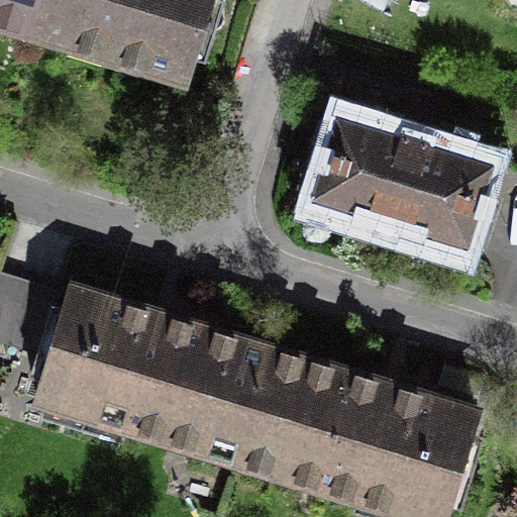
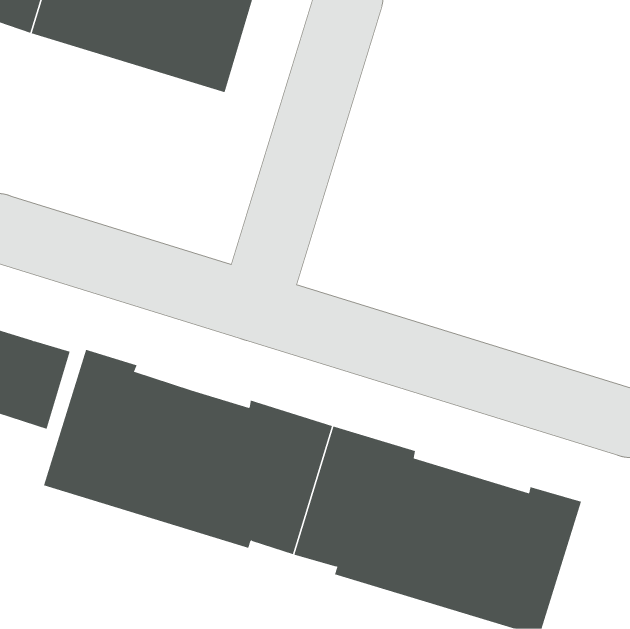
building: [306,109,496,247] -> none

